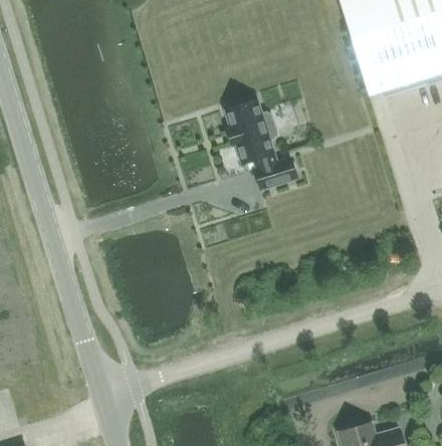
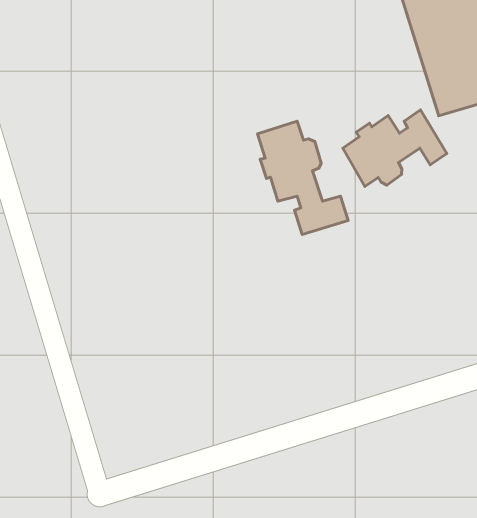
building: none -> [343,110,447,186]

